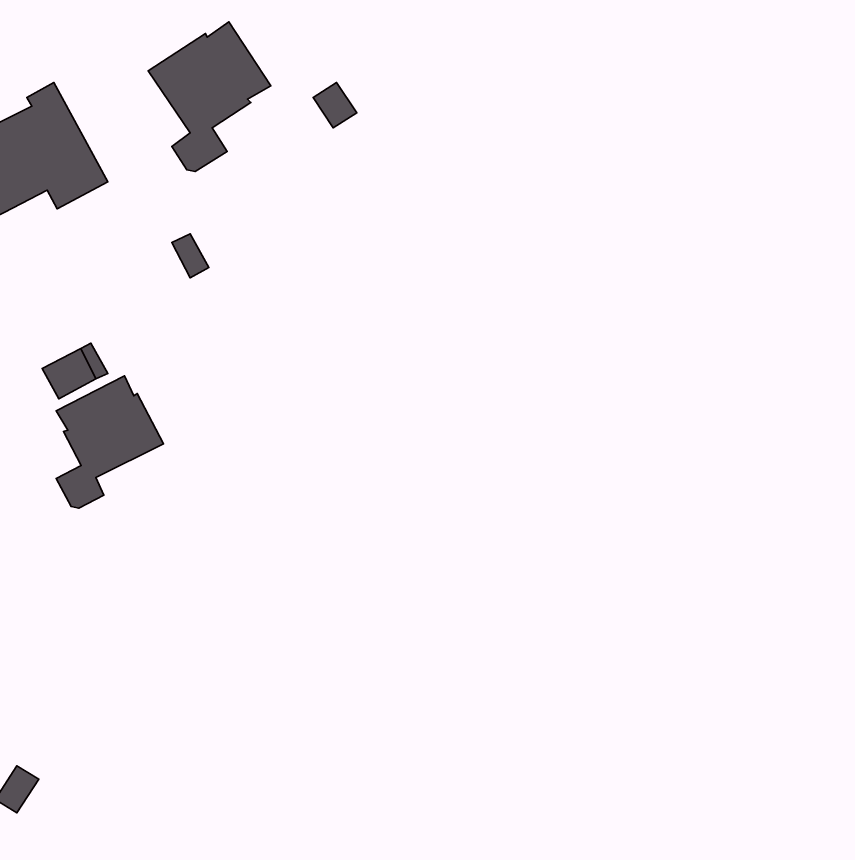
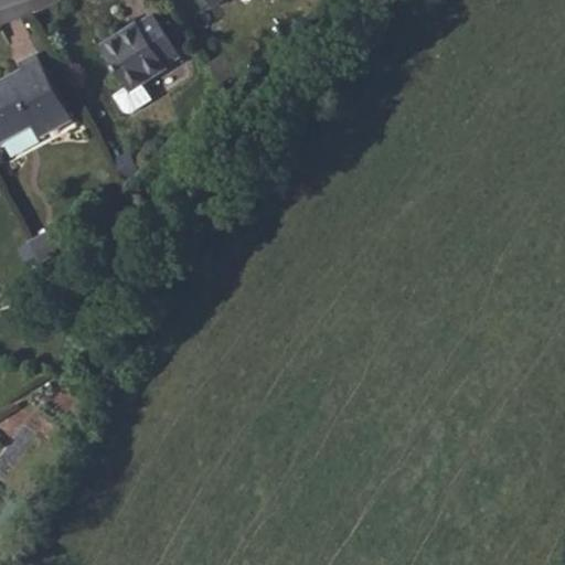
building: [56,376,163,508] -> none

